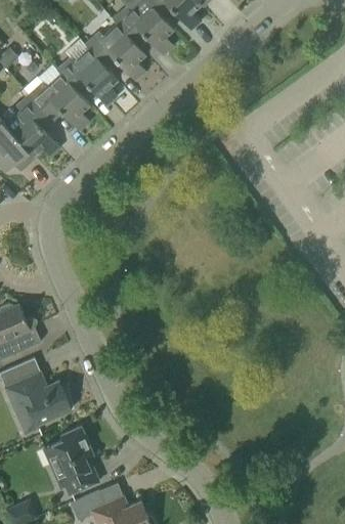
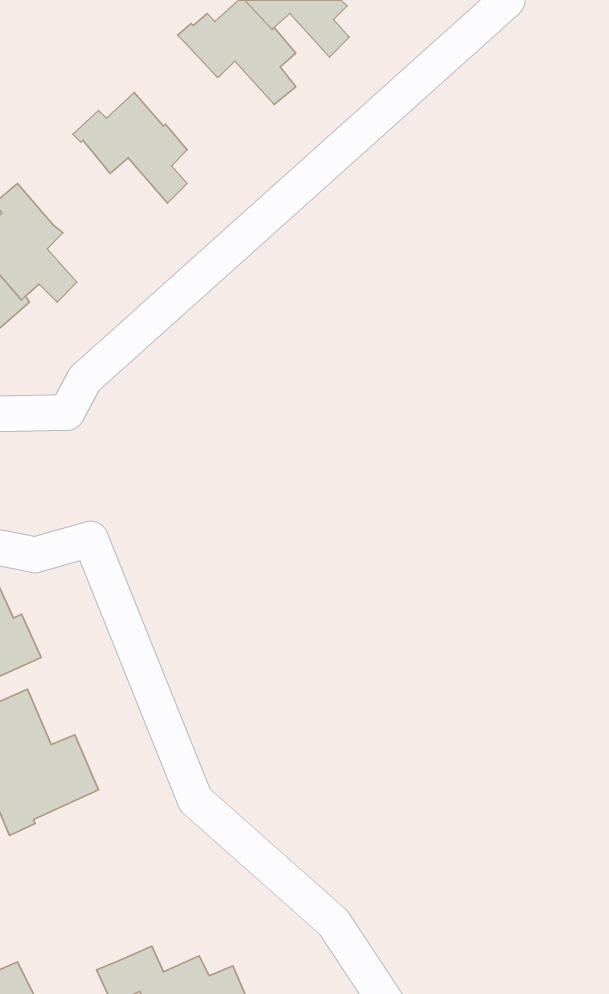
building: [85,24,145,81] -> none
building: [29,66,89,131] -> none
building: [43,428,98,495] -> none

